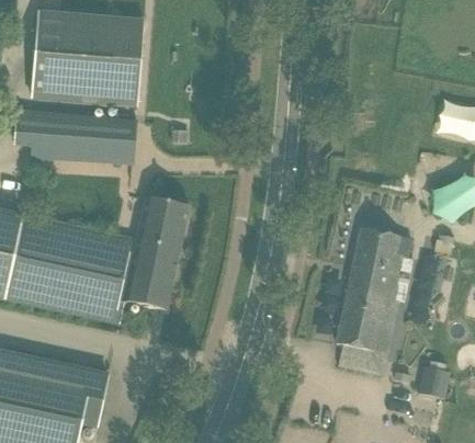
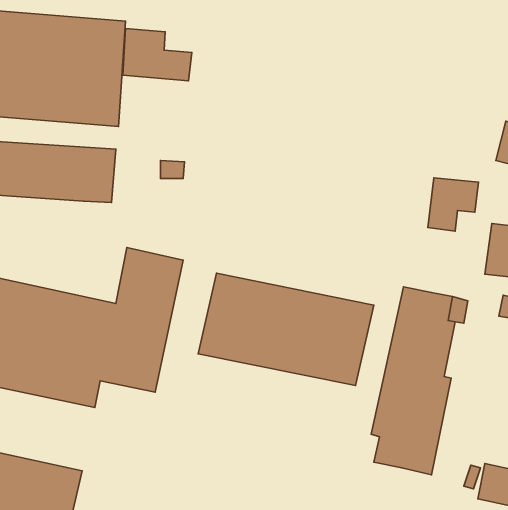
building: none -> [123,29,192,81]
building: none -> [428,178,478,231]
building: none -> [198,273,374,386]

